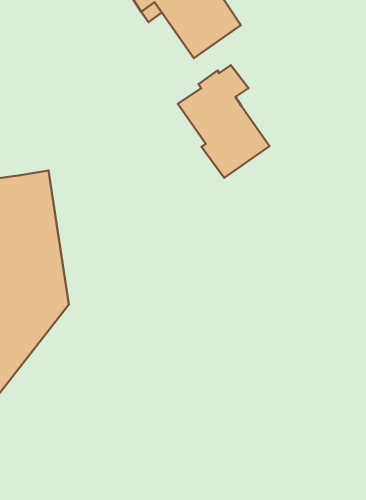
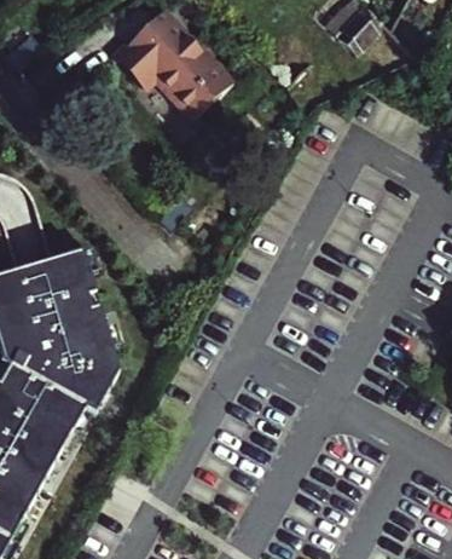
building: [178,65,269,178] -> none

